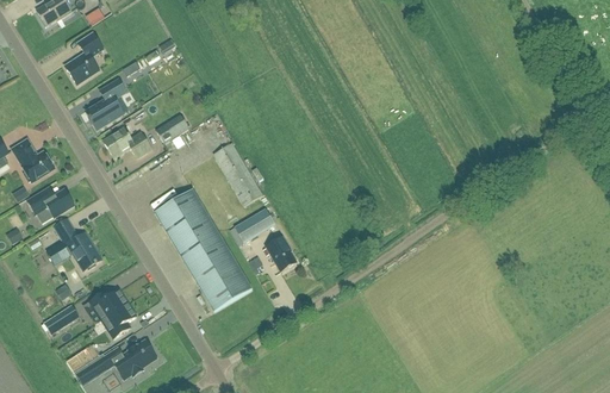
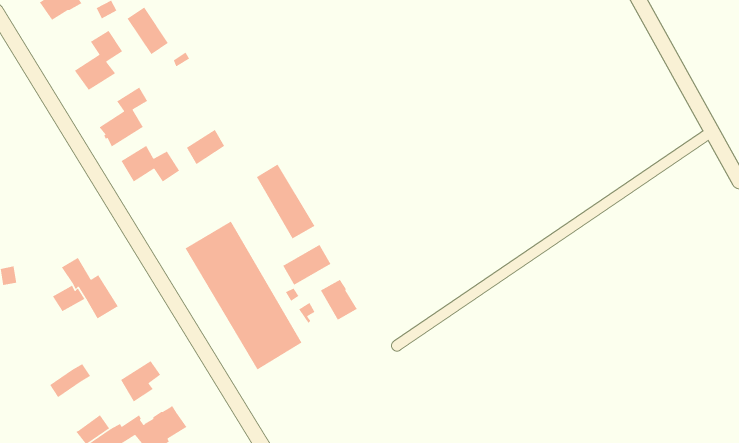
building: none -> [127,6,169,55]
building: [12,138,54,181] -> none
building: [26,186,74,217] -> none
building: [89,289,127,319] -> none

